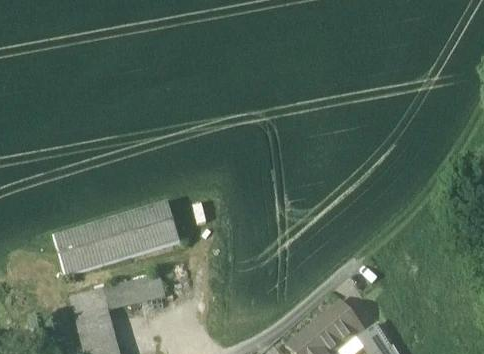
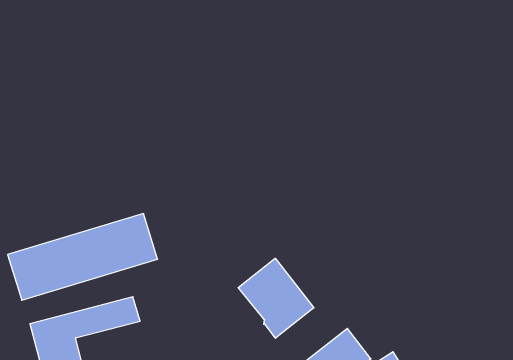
building: none -> [238,258,314,338]

